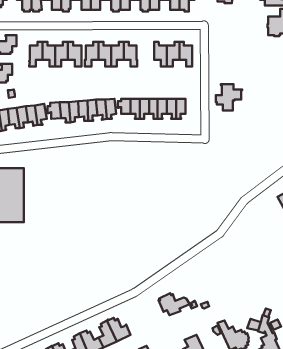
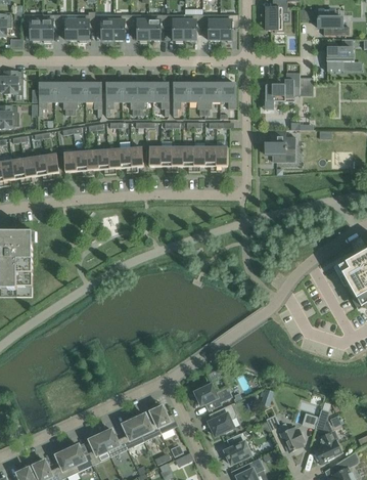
building: none -> [265,72,300,108]
building: none -> [173,78,189,107]
building: none -> [209,401,235,434]
building: none -> [149,403,178,432]

